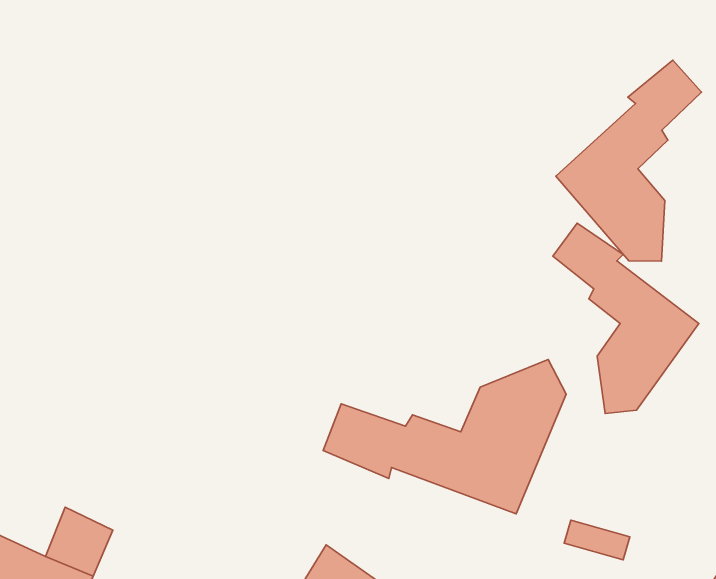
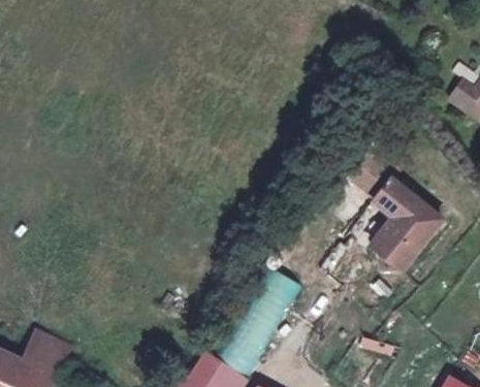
building: [556,60,702,261] -> none
building: [323,359,566,514] -> none

